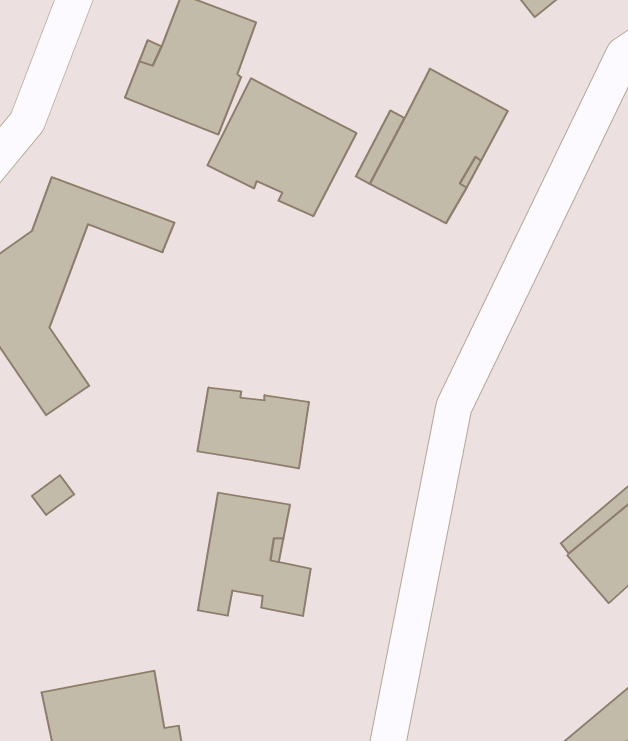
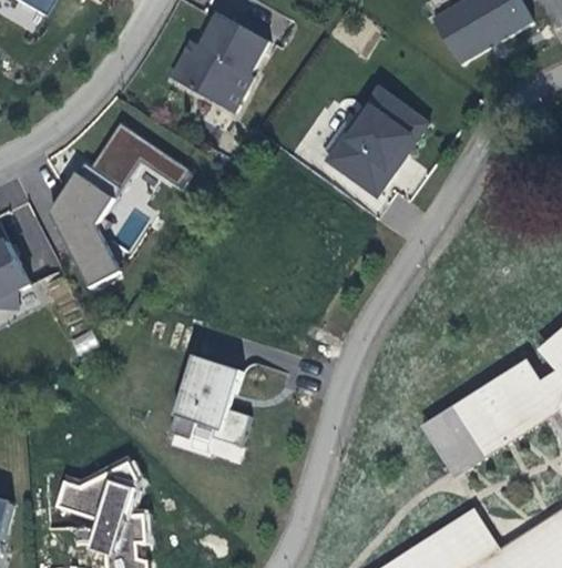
building: [207,78,356,216] -> none
building: [198,387,309,469] -> none

